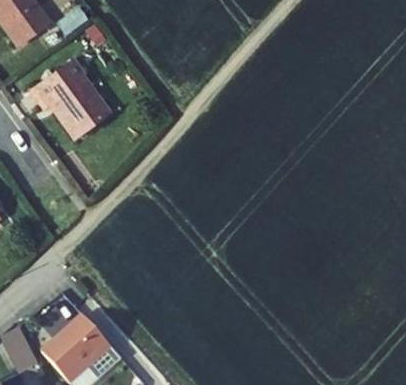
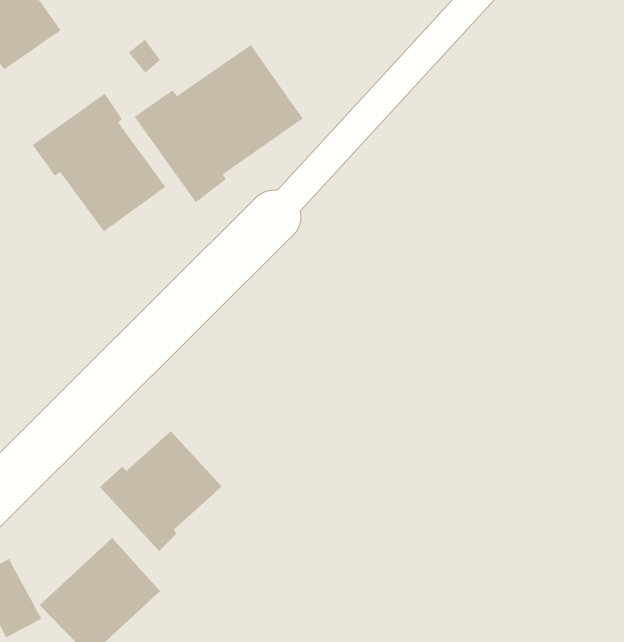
building: none -> [134,44,304,203]
building: none -> [99,430,222,552]

